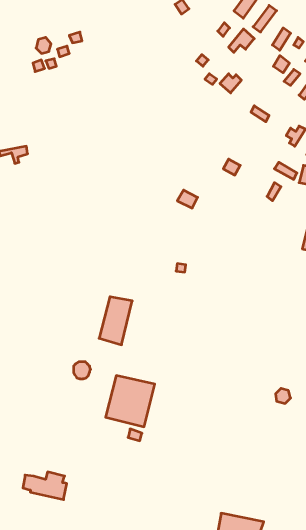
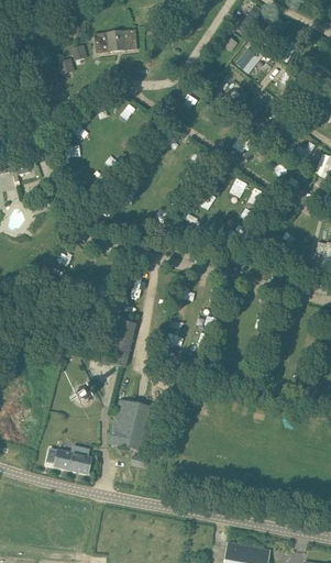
building: none -> [95,29,139,53]
building: [23,472,67,500] -> [47,444,92,473]

